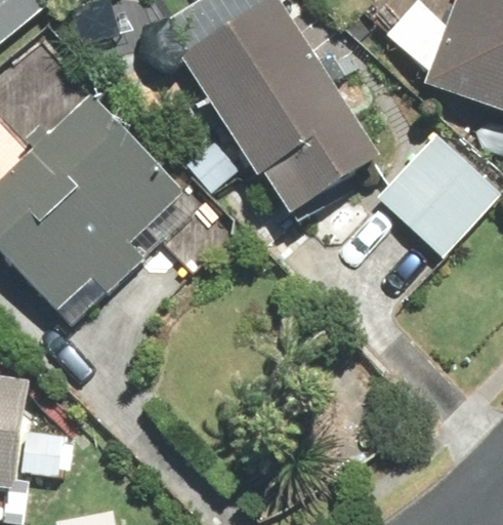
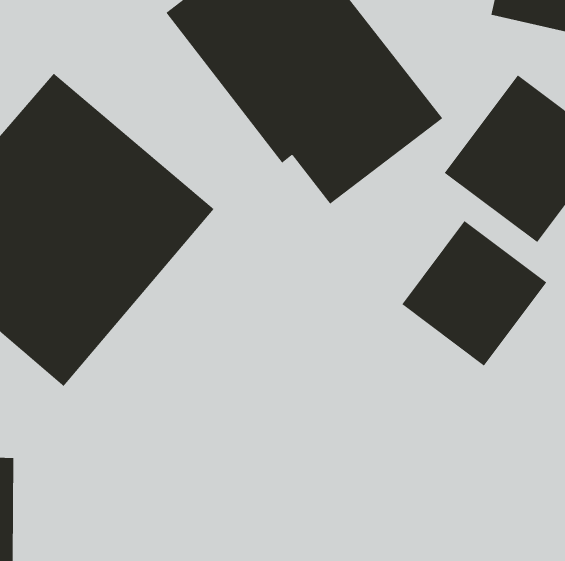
building: none -> [401,220,547,366]

